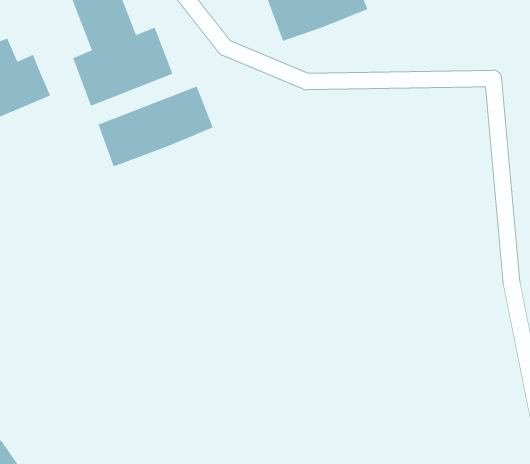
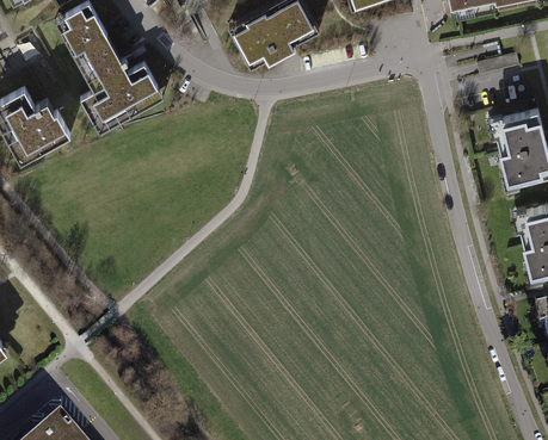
building: [97,85,214,167] -> none

